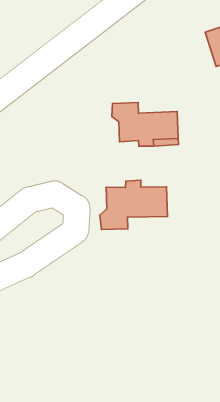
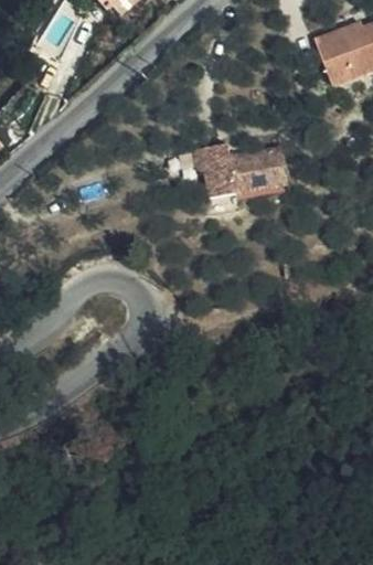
building: [100,180,167,229] -> none

